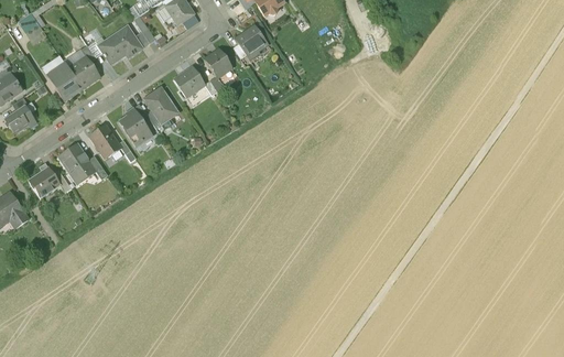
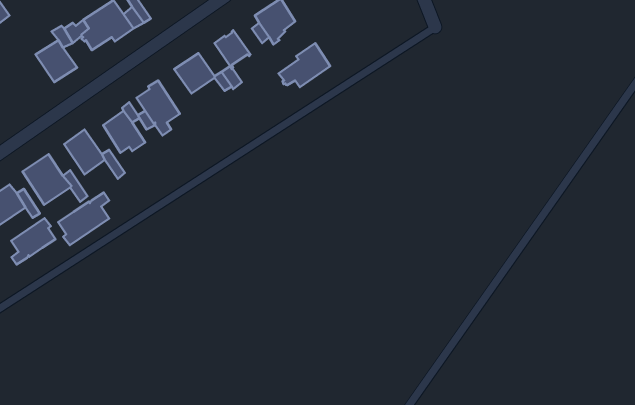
building: none -> [278,43,330,87]
building: [47,65,82,101] -> none
building: none -> [58,193,109,245]
building: none -> [11,218,56,264]

